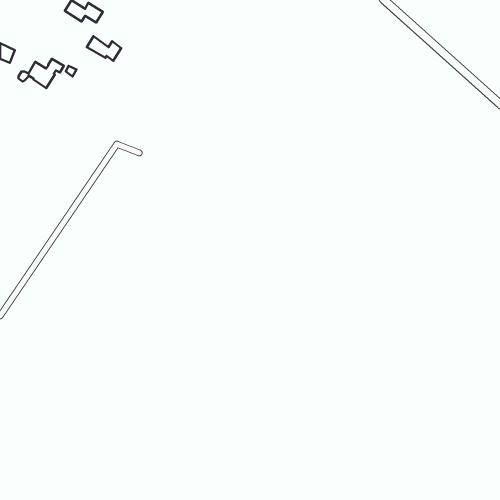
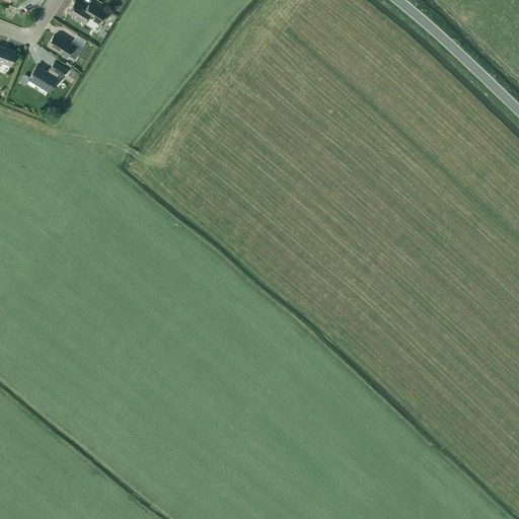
building: [87,36,121,61] -> [48,33,83,59]

